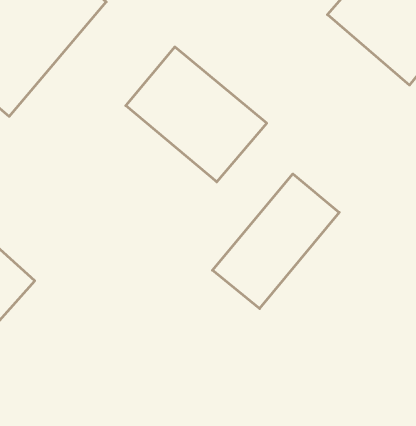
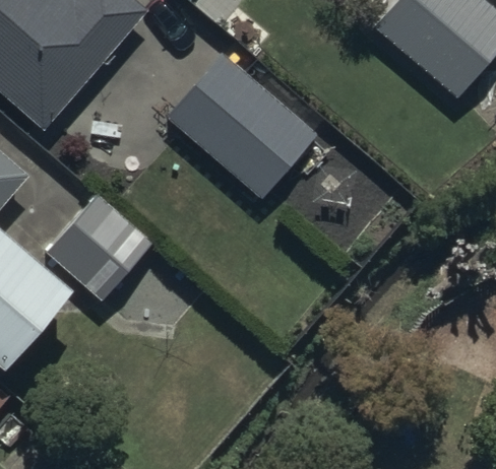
building: [212,174,339,309] -> none
building: none -> [44,193,152,303]

